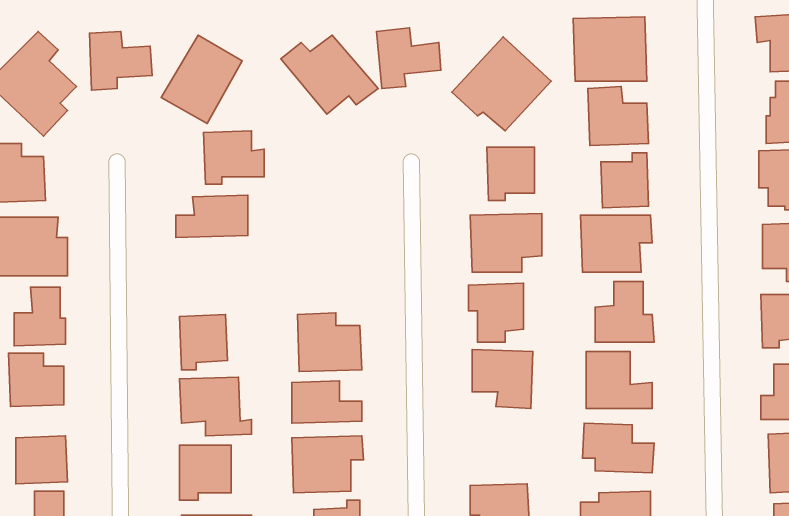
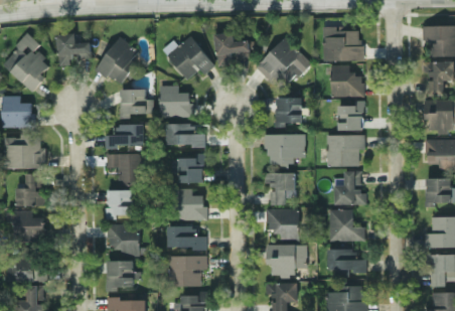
building: none -> [160,85,190,117]
building: none -> [165,123,204,147]
building: none -> [107,153,142,184]
building: none -> [172,153,204,182]
building: none -> [266,245,306,277]

